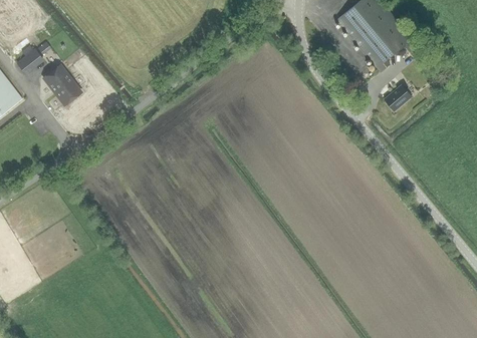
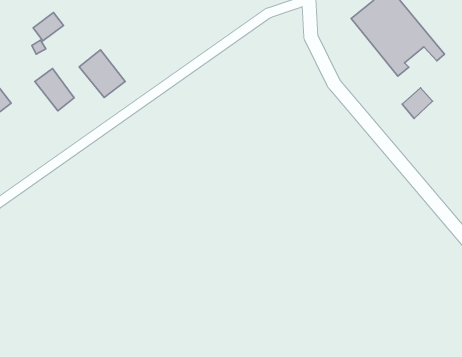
building: [15,47,43,73] -> [33,13,63,41]
building: none -> [79,50,125,97]

